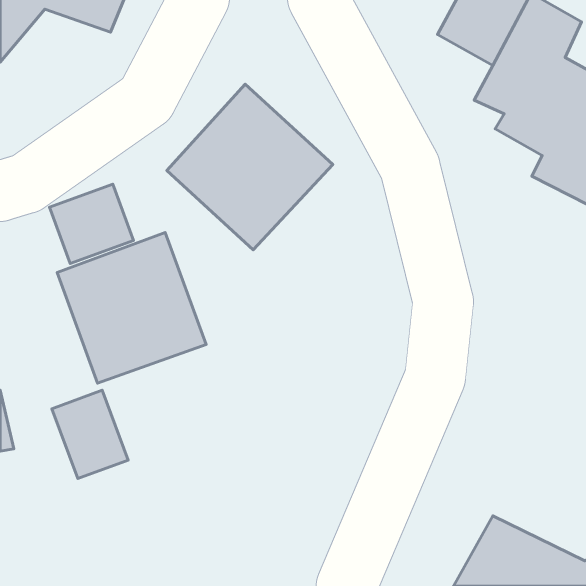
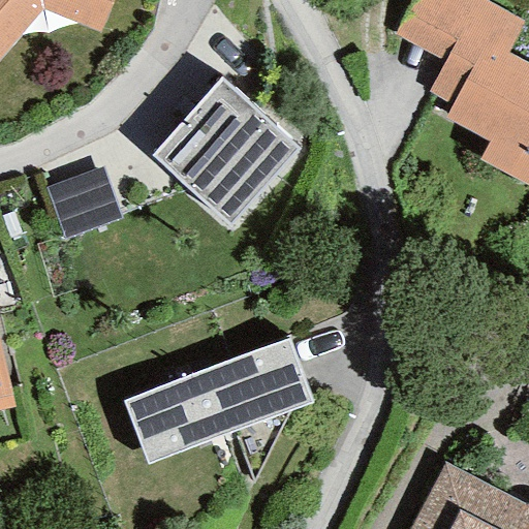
building: [57,232,206,383] -> none
building: none -> [123,338,313,464]
building: [52,390,128,479] -> none

